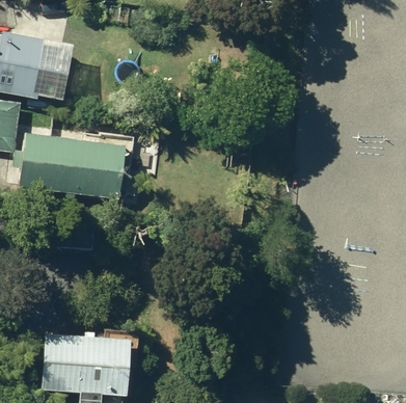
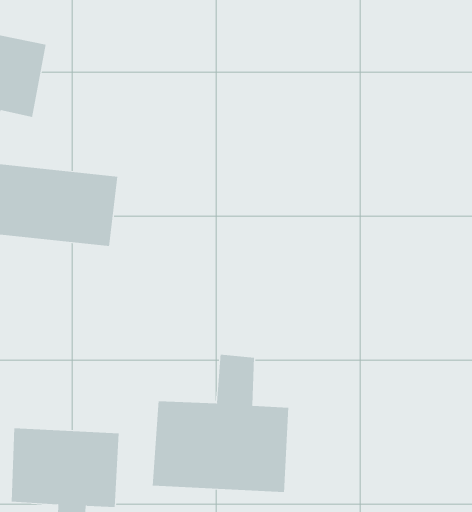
building: none -> [152,354,289,493]

